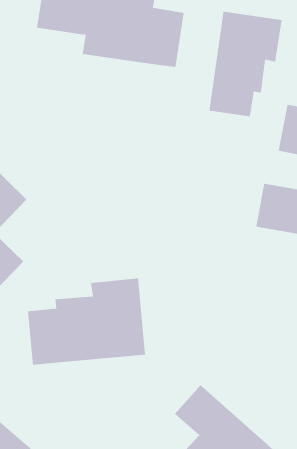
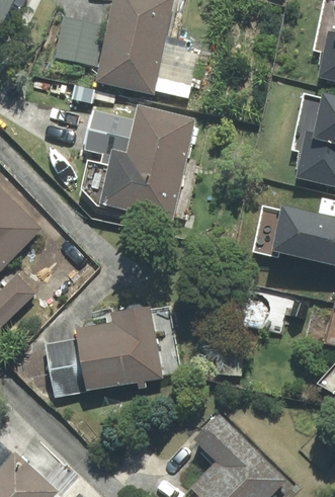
building: [209,11,282,117] -> none
building: none -> [79,103,193,222]

